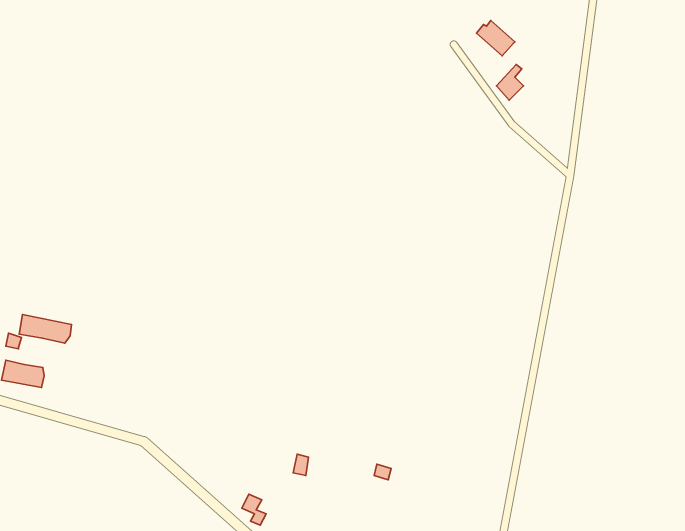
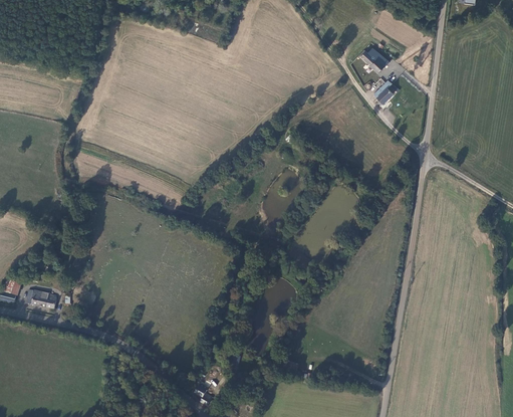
building: [19,314,71,343] -> none

